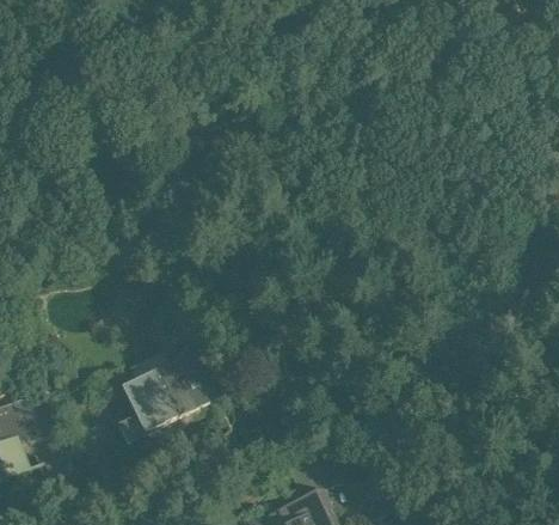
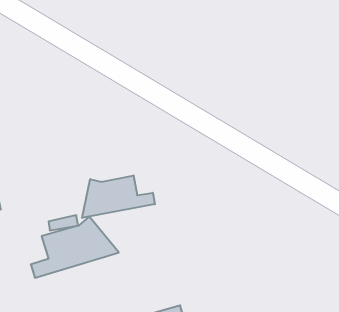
building: none -> [82,175,155,218]

